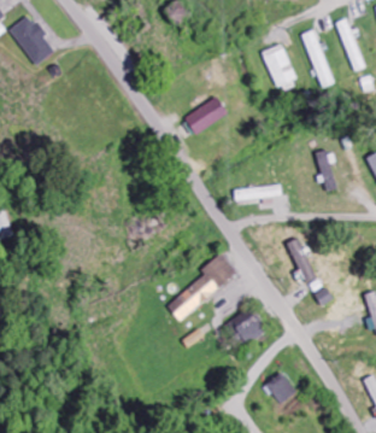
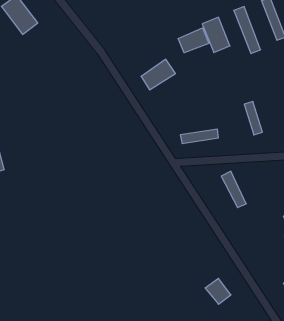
building: none -> [178,28,209,53]
building: [166,252,236,321] -> none
building: [231,309,264,345] -> none

